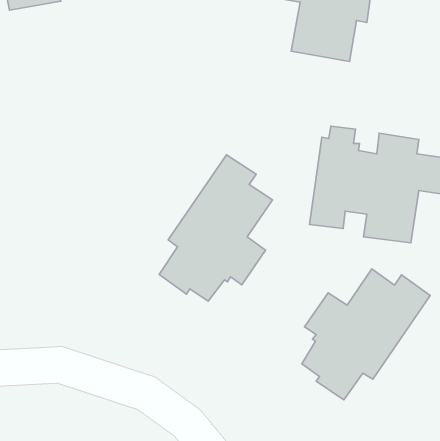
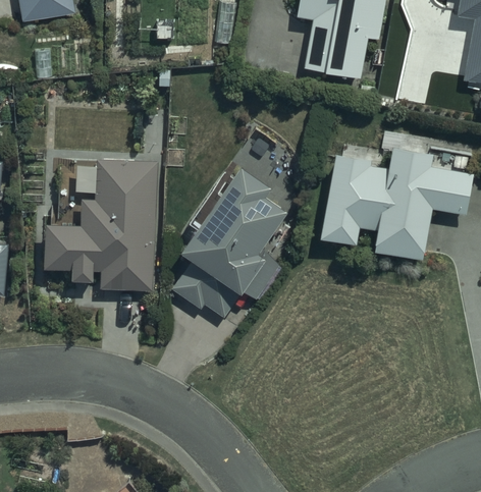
building: none -> [45,158,157,289]
building: [302,269,430,400] -> none

